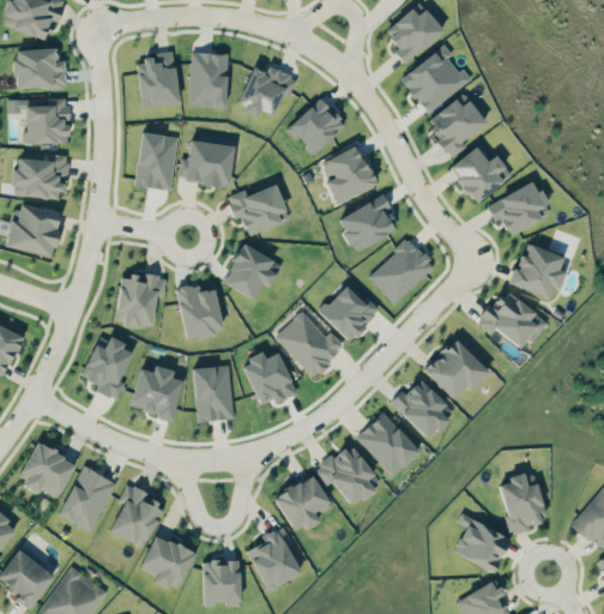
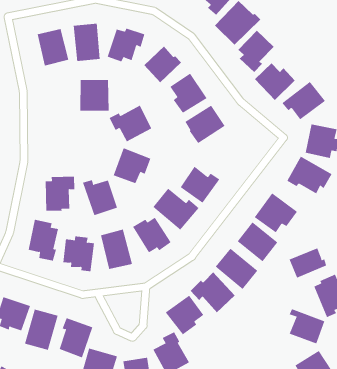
building: [135,133,179,191] -> none
building: [368,239,434,305] -> none
building: none -> [289,248,327,278]

